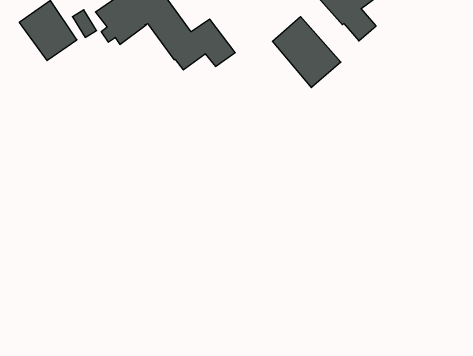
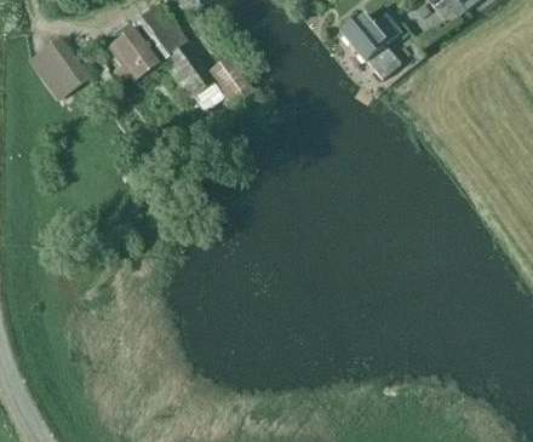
building: [272,17,341,88] -> none

